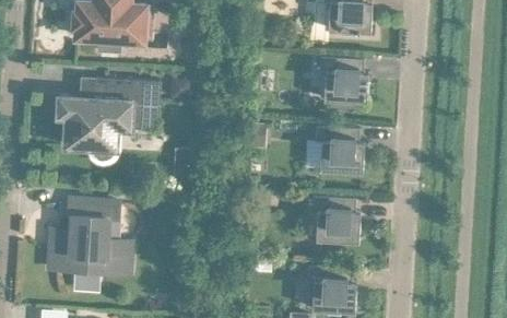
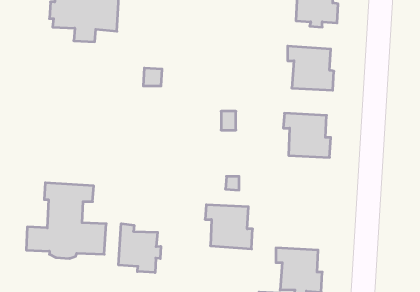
building: [56,78,158,161] -> none
building: [309,197,358,243] -> [205,205,253,249]
building: none -> [119,224,161,273]

